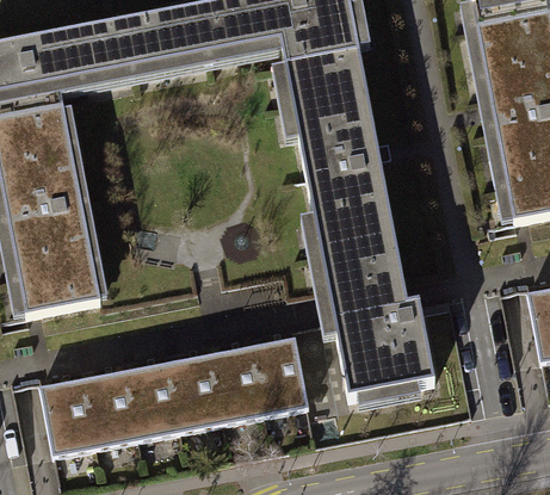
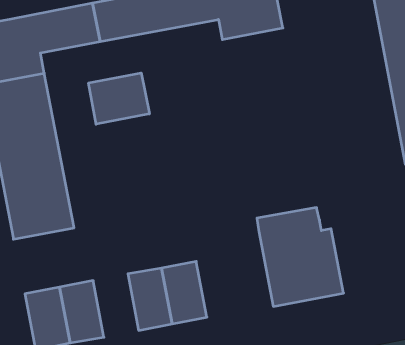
building: [285,55,402,291] -> none
building: none -> [89,73,149,124]
building: [253,336,308,414] -> none
building: [125,360,181,439] -> none

